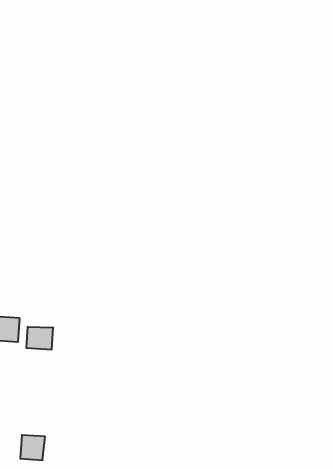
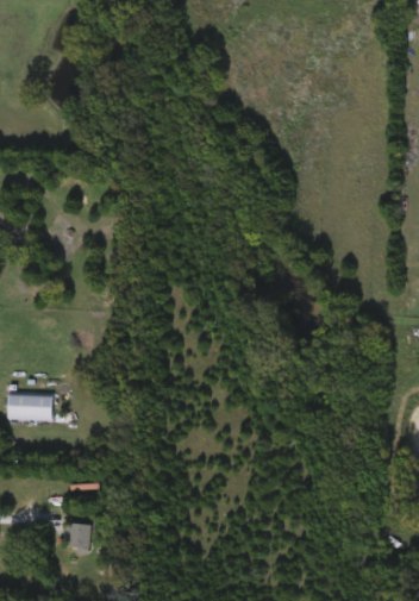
building: [26,327,53,350] -> none

